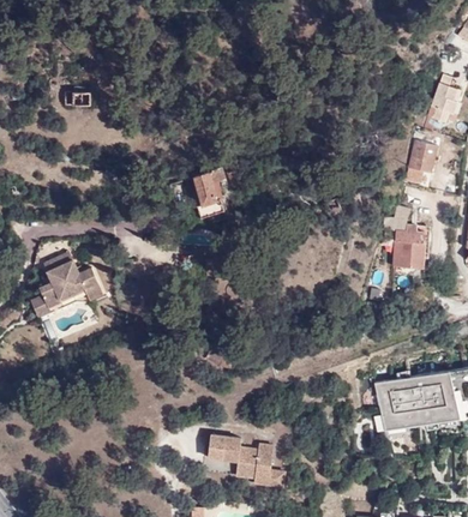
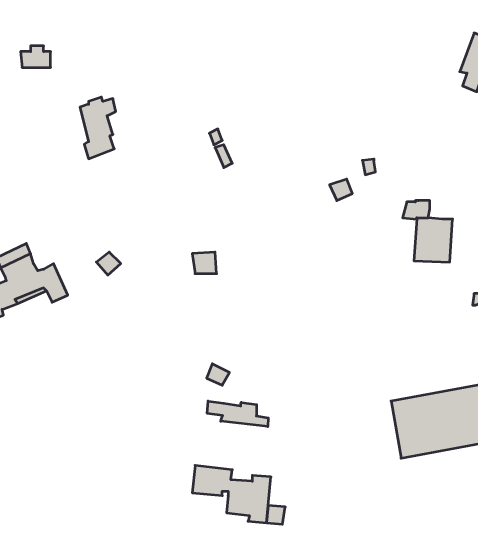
building: [409,142,437,173] -> none
building: [194,166,224,217] -> [80,97,116,159]
building: none -> [207,401,268,427]

